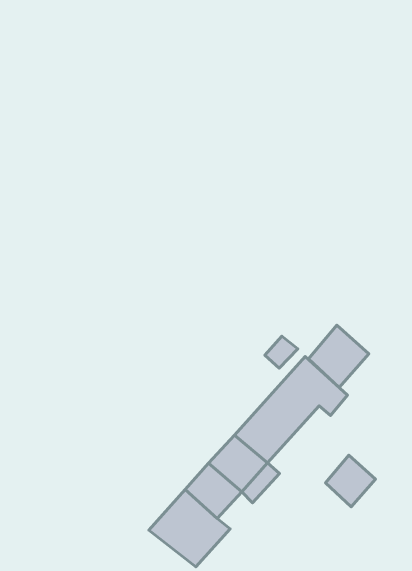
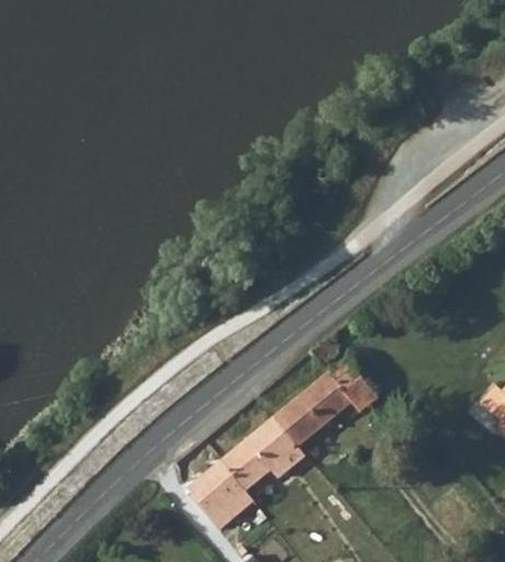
building: [309,325,369,387] -> none
building: [326,455,375,507] -> none

